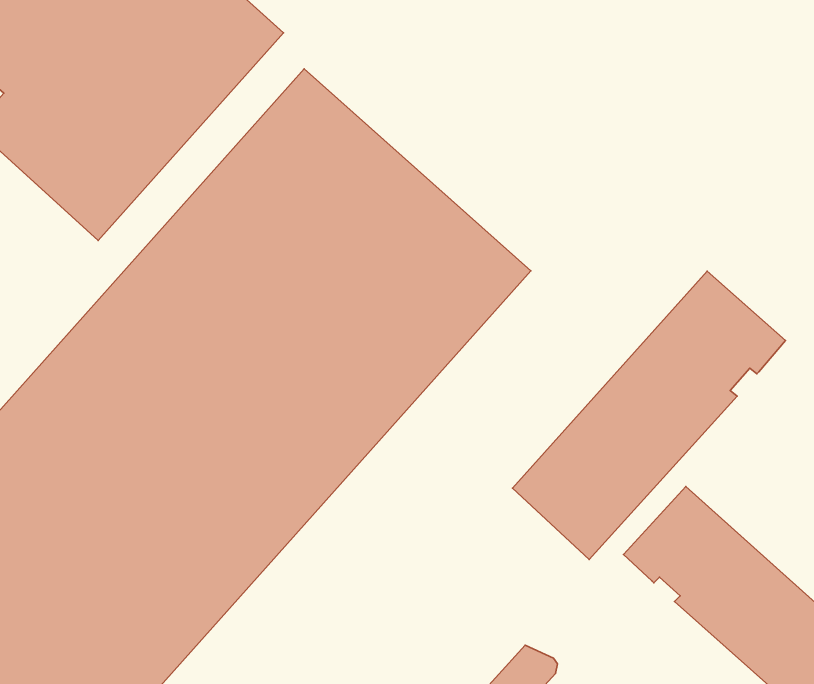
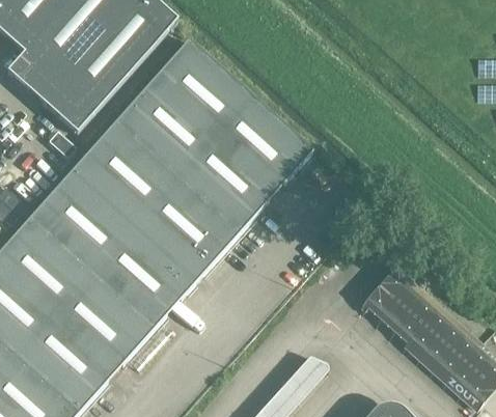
building: [512,271,786,560] -> none

